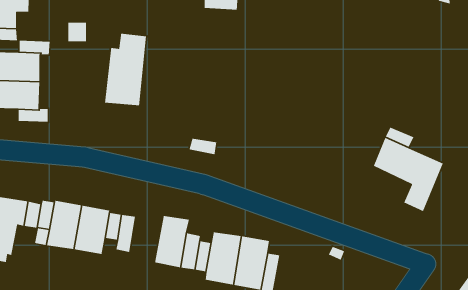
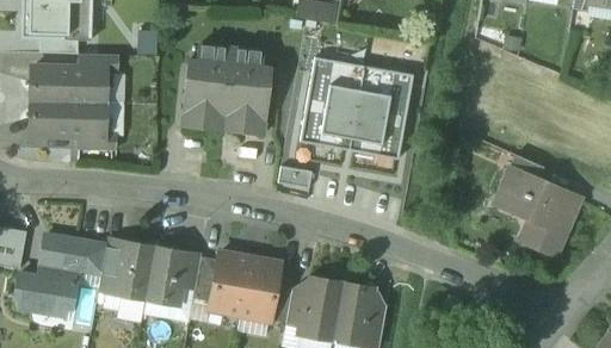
building: none -> [222,49,270,136]
building: none -> [301,60,414,160]
building: none -> [209,253,249,315]

